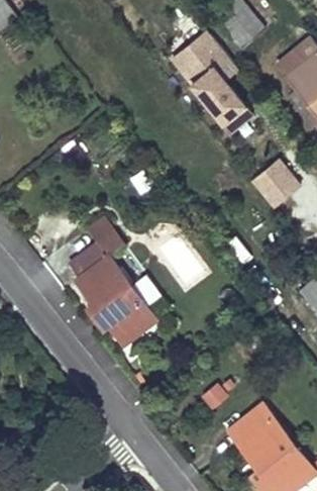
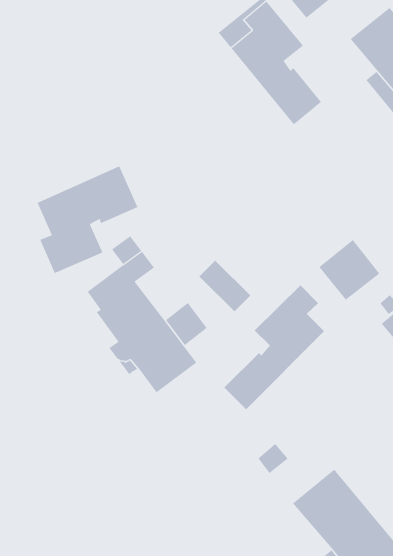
building: [251,161,300,209] -> [319,239,380,301]
building: none -> [37,166,138,274]
building: none -> [224,285,325,410]

